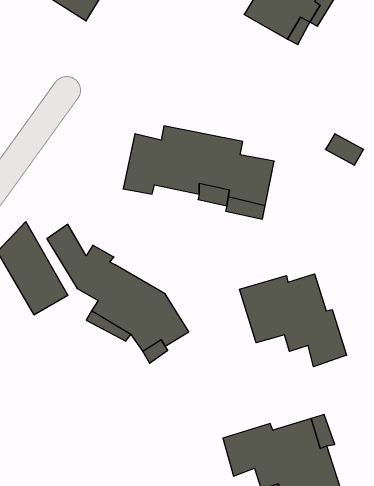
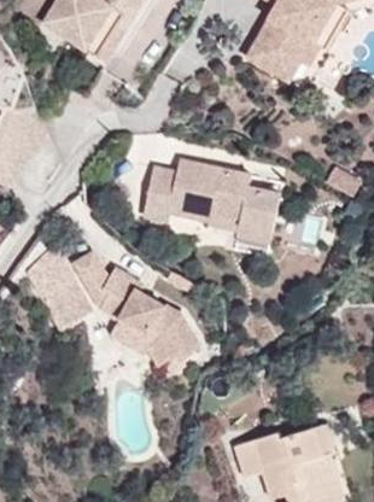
building: [240,274,347,367] -> none

